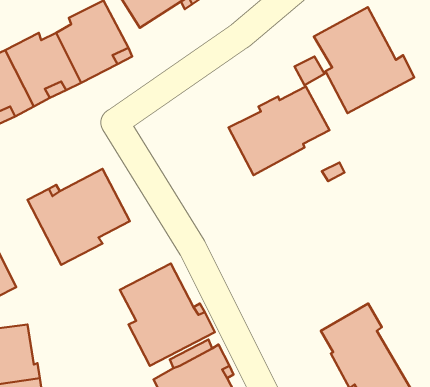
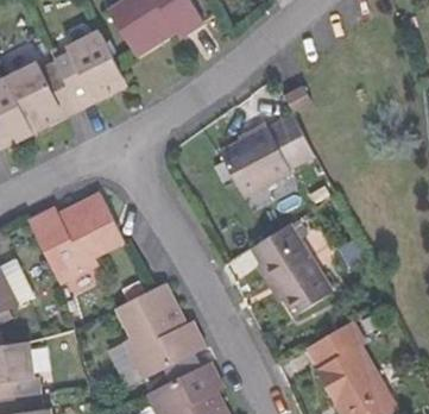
building: [314,7,414,113] -> none
building: none -> [251,222,332,316]

